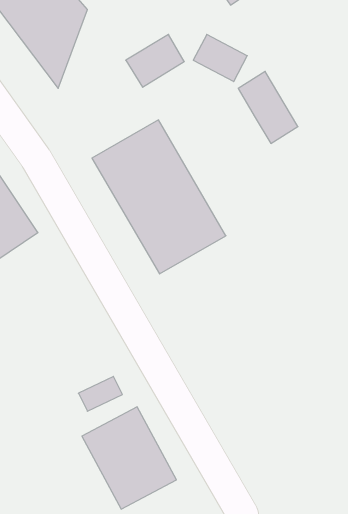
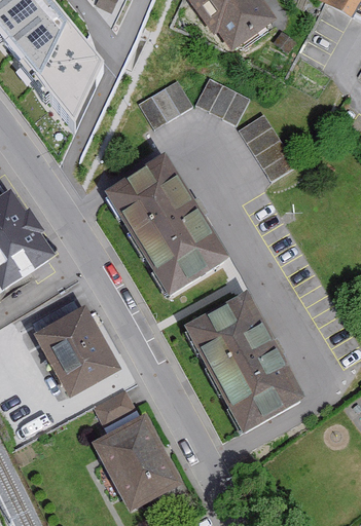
building: none -> [185,294,301,430]
building: none -> [34,307,121,400]

